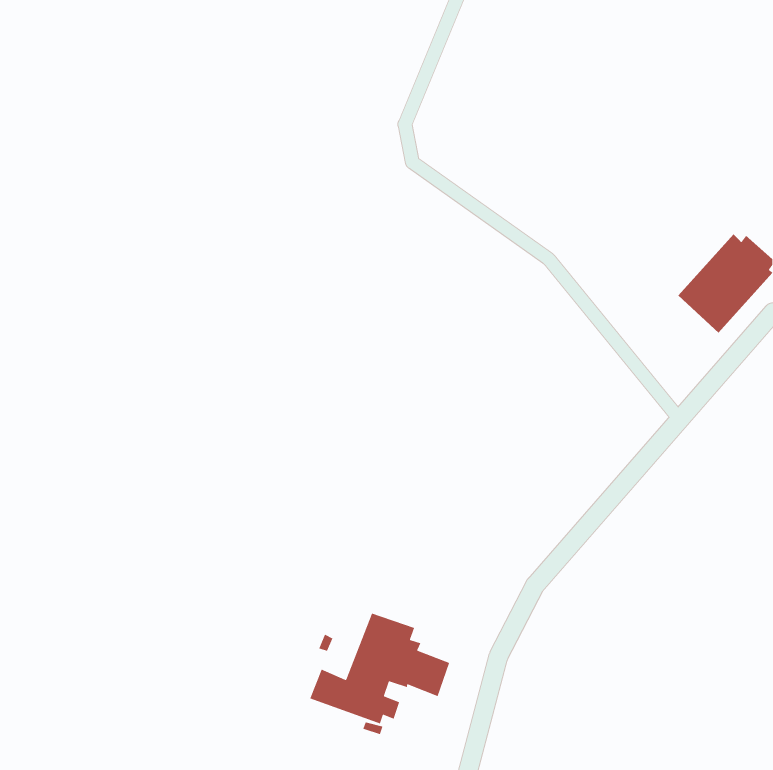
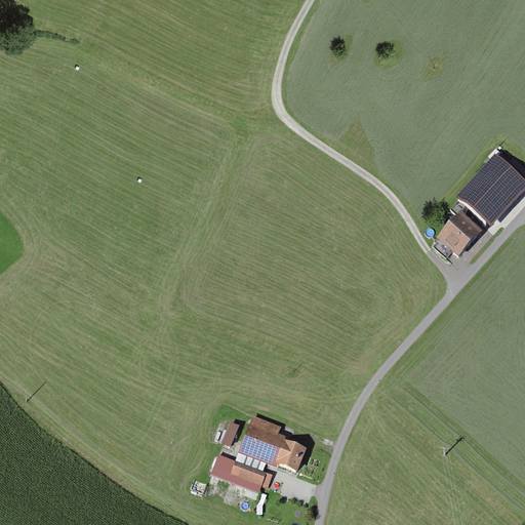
building: none -> [439,215,480,256]

